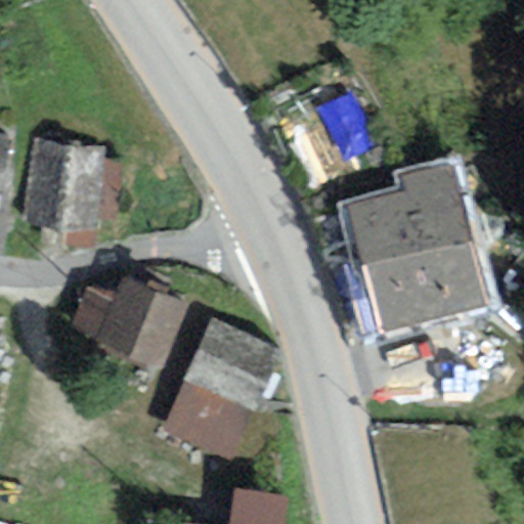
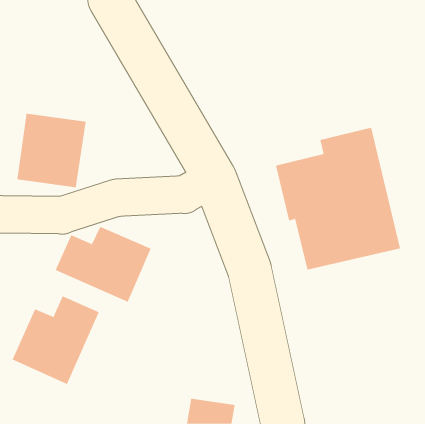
building: [162,321,283,458] -> none
building: none -> [12,295,100,385]

